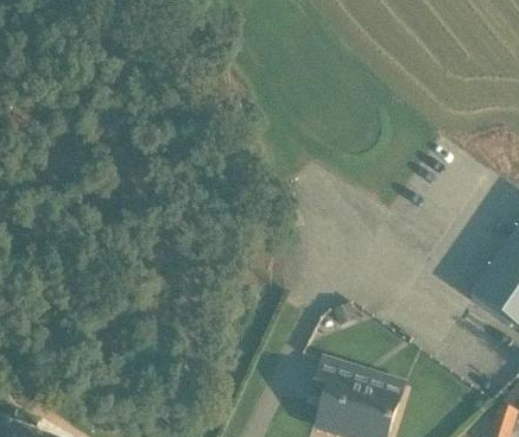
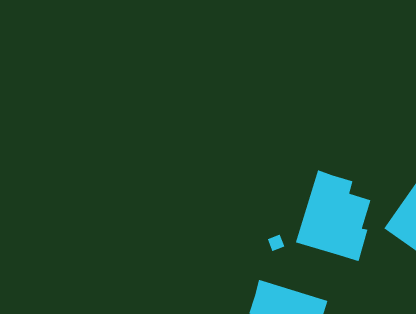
building: none -> [295,169,371,262]

